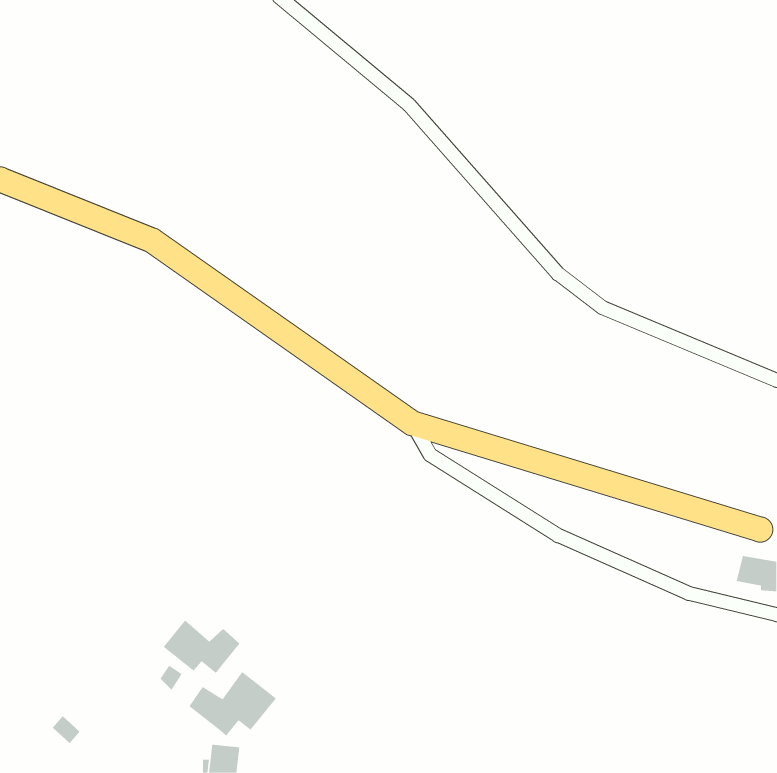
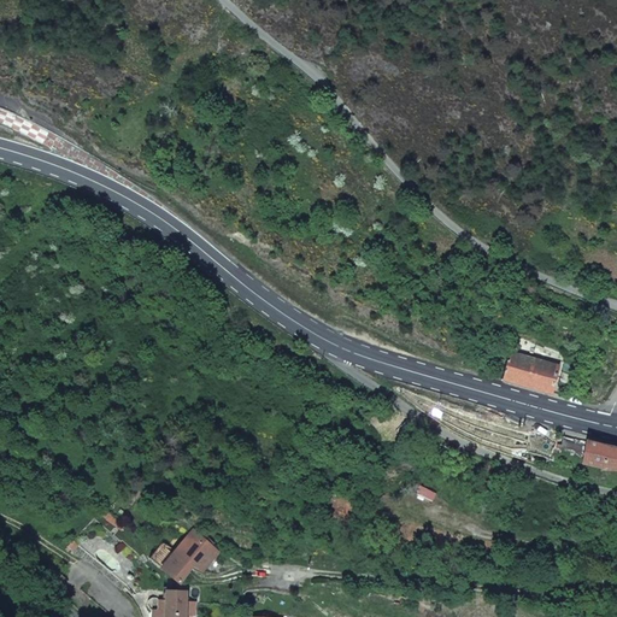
building: none -> [503,351,558,392]
building: [163,620,240,674] -> none

